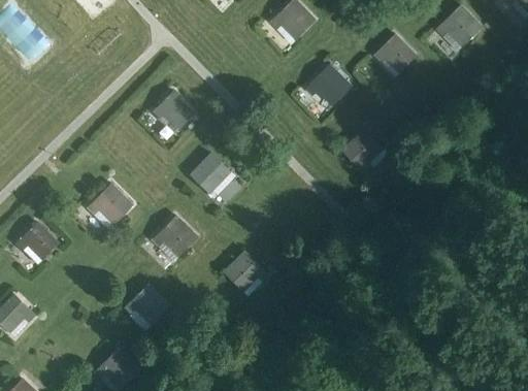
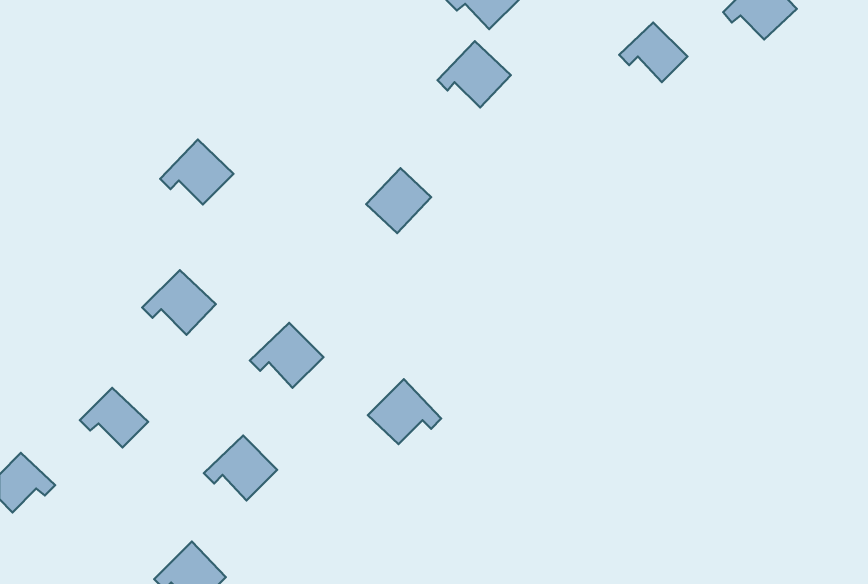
building: [306,65,351,105] -> [437,41,511,108]
building: [150,91,194,130] -> [160,140,234,204]
building: [343,129,383,173] -> none
building: [190,154,229,193] -> [366,168,431,233]
building: [15,223,57,259] -> [80,388,148,447]

